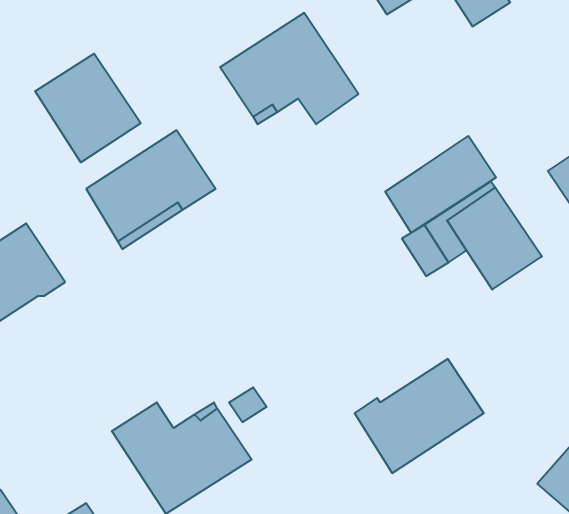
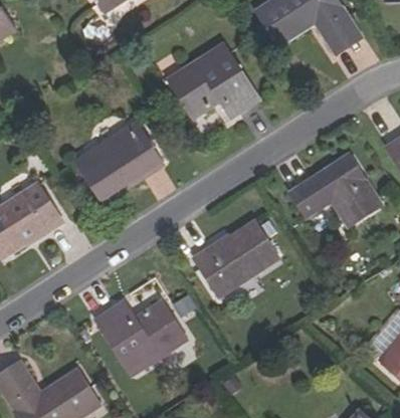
building: [35,54,141,162] -> none
building: [385,136,496,233] -> none
building: [355,359,484,473] -> [193,221,279,297]

